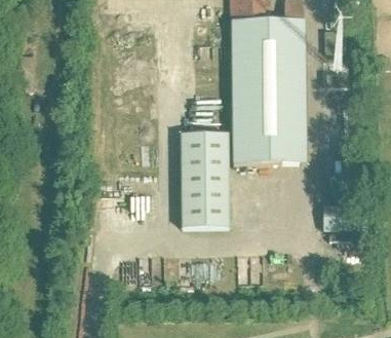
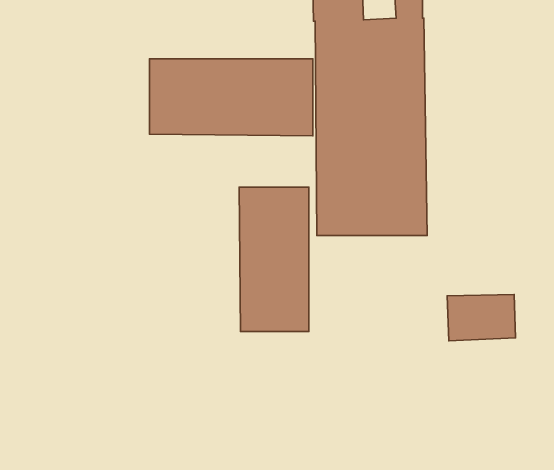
building: none -> [149,59,313,136]

